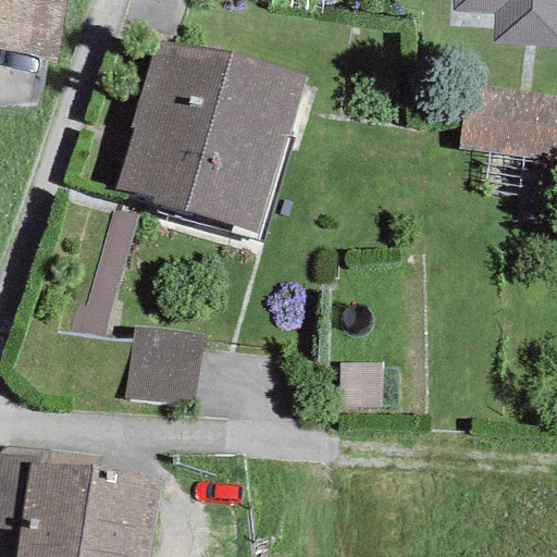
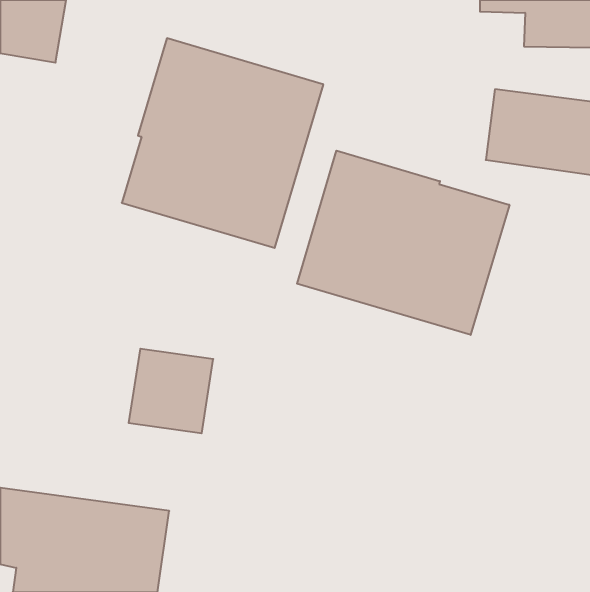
building: none -> [297,151,509,335]

